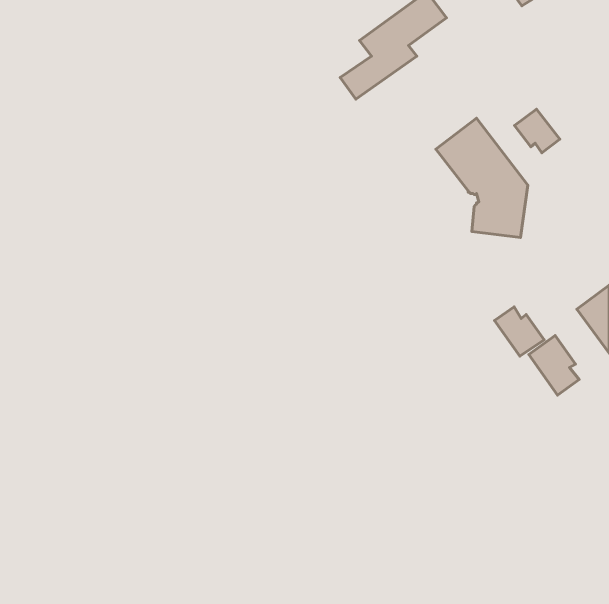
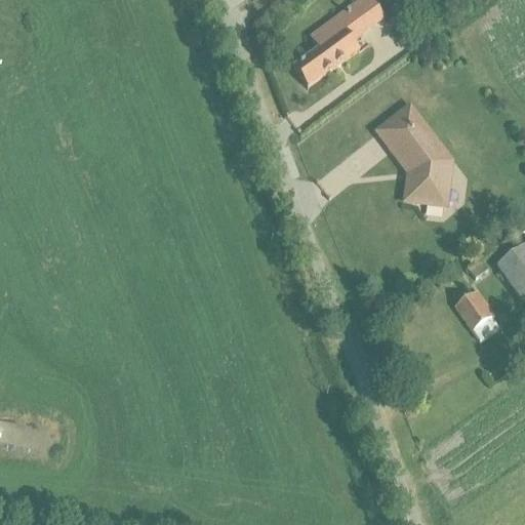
building: [514,109,560,153] -> none
building: [495,307,544,356] -> none

